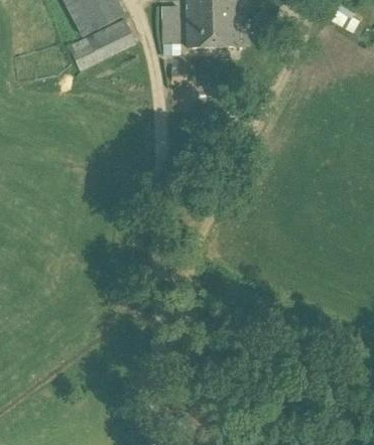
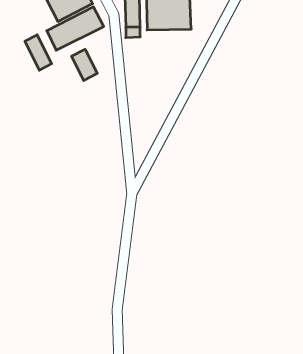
building: none -> [25,35,52,70]
building: none -> [72,49,97,81]

